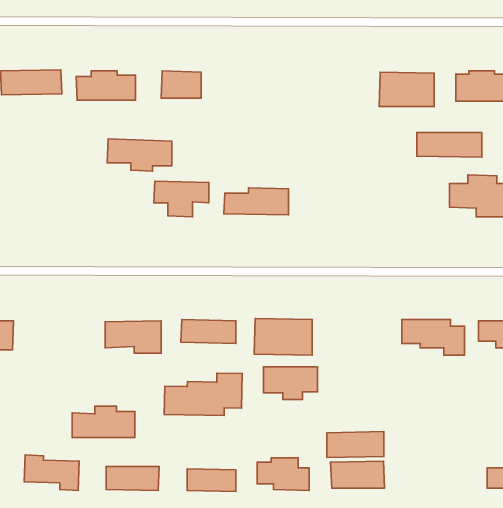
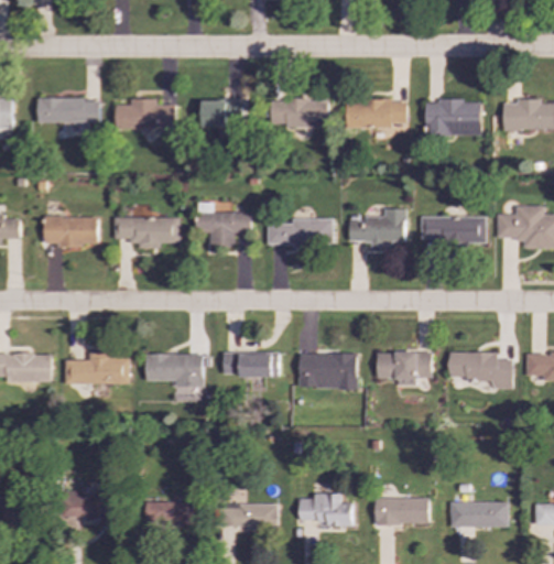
building: none -> [345,99,406,129]
building: none -> [268,100,328,128]
building: [417,132,482,157] -> [420,217,486,242]
building: [107,139,172,171] -> [112,216,178,249]
building: none -> [348,209,405,245]
building: none -> [44,216,97,246]
building: [264,367,318,399] -> [376,352,431,386]
building: [164,373,242,416] -> none
building: [72,406,135,438] -> [64,352,128,384]
building: [327,432,384,458] -> [449,501,508,528]

